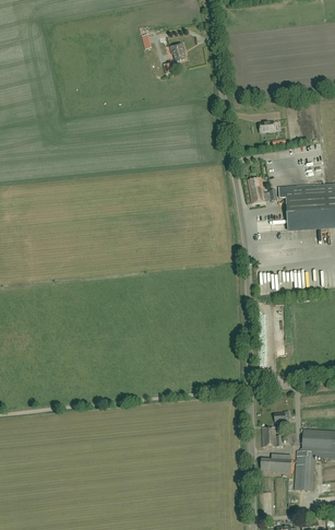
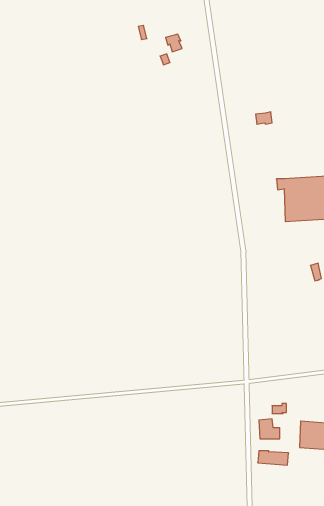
building: [247,176,276,202] -> none
building: [294,455,313,491] -> none

